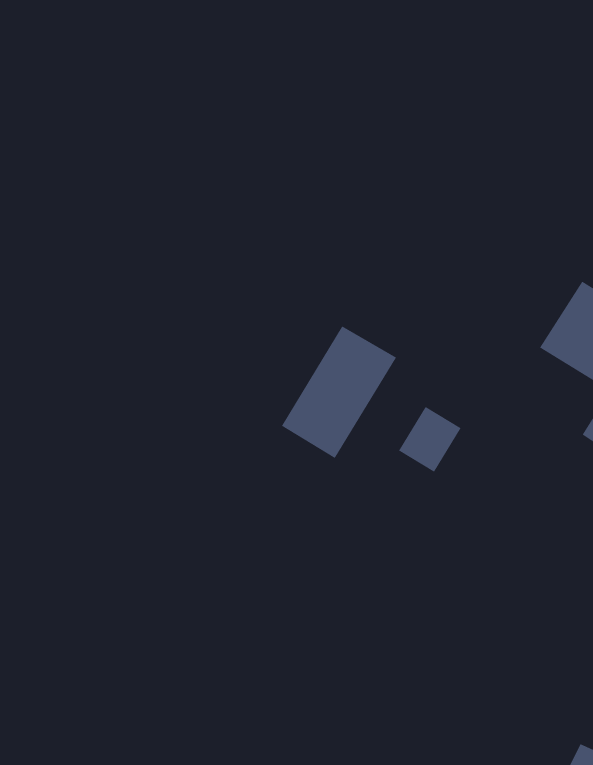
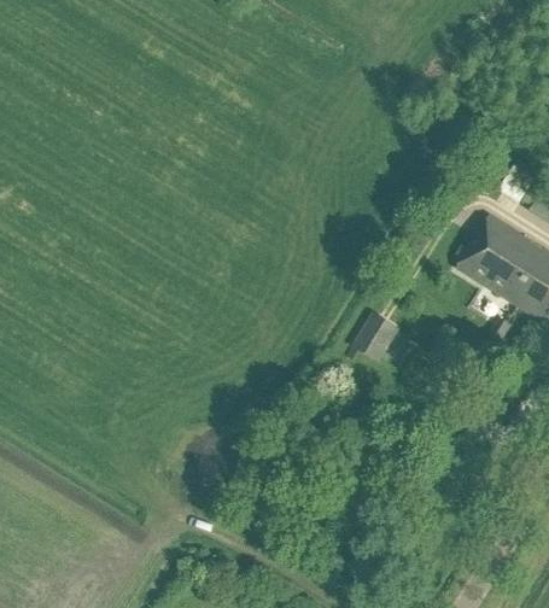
building: [281,326,397,459] -> none

